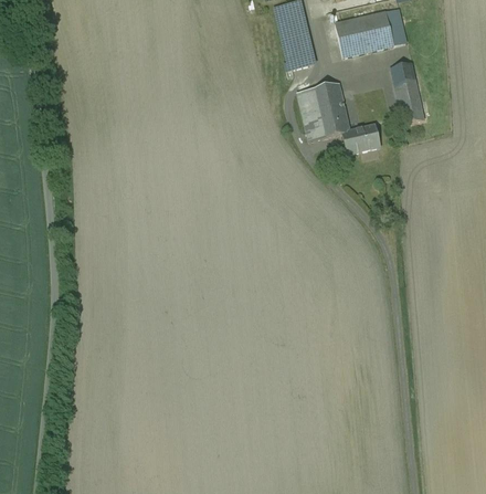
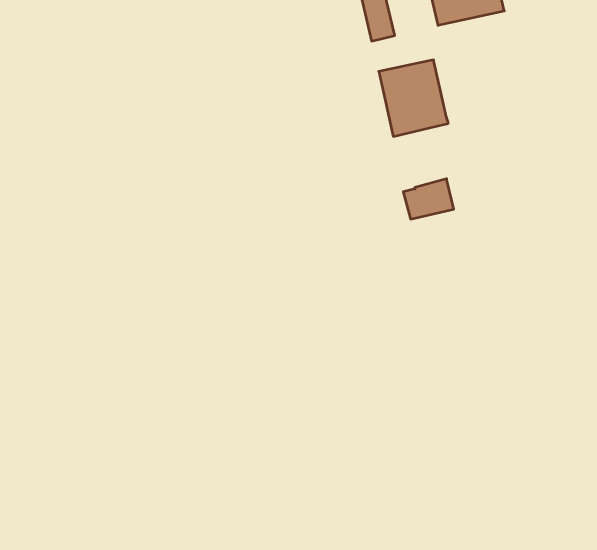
building: [391,61,425,123] -> none
building: [342,123,381,154] -> [403,179,454,219]

